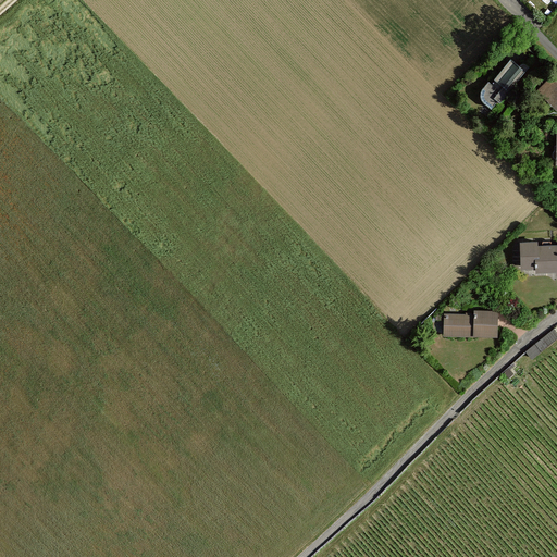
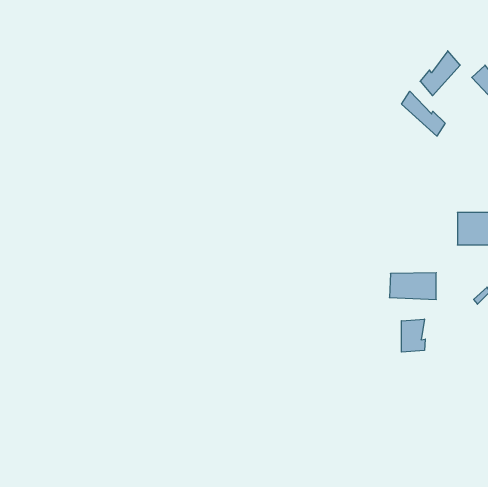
building: none -> [402,91,445,136]
building: none -> [401,319,425,352]

